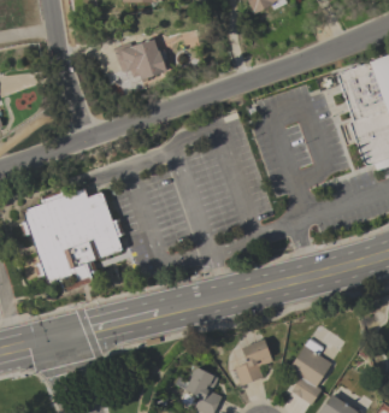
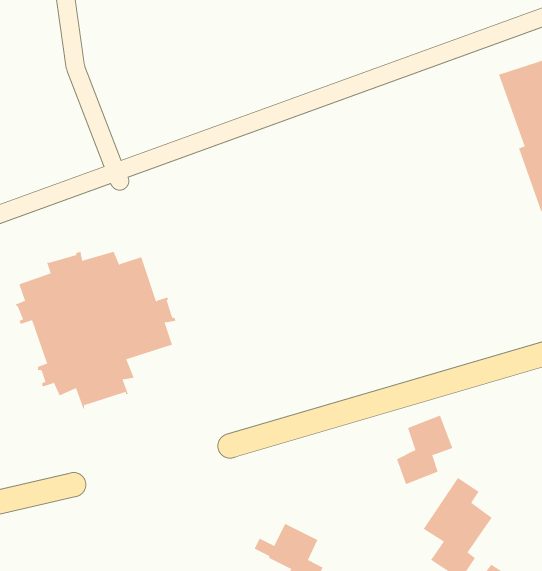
building: [113,39,169,81] -> none
building: [235,340,272,385] -> [396,415,453,485]

